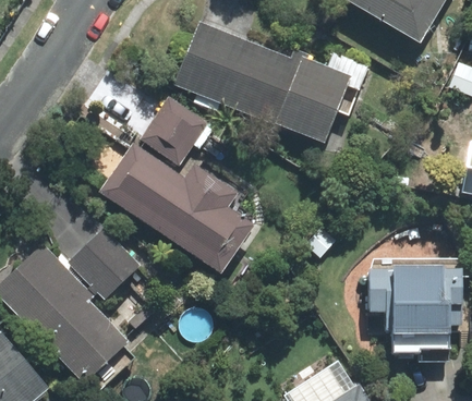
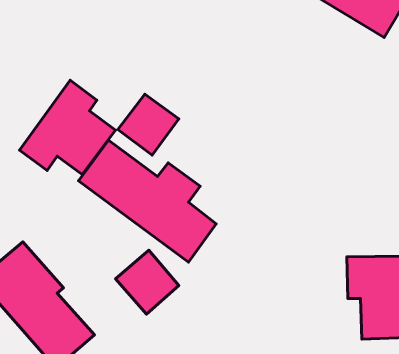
building: [189,27,341,136] -> none
building: none -> [20,80,116,175]
building: [72,231,136,296] -> [116,250,179,314]

